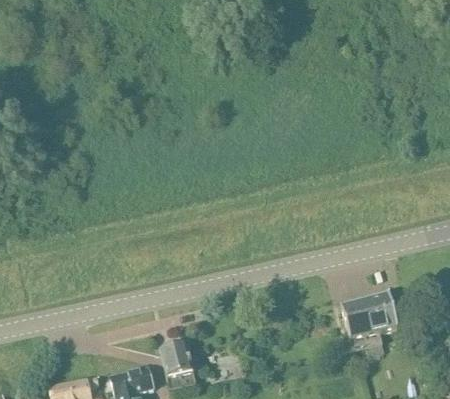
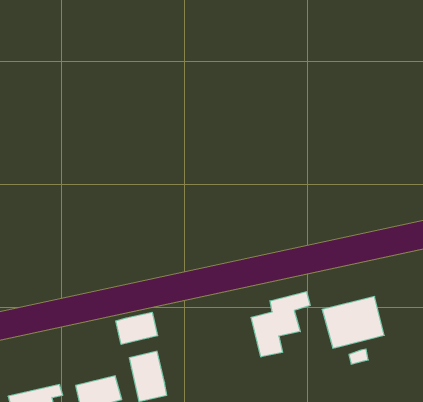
building: none -> [251,292,310,357]
building: none -> [116,312,158,344]

